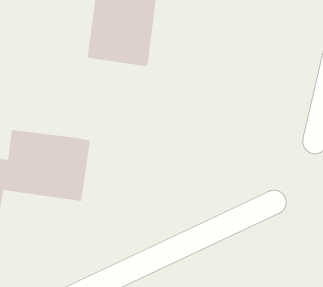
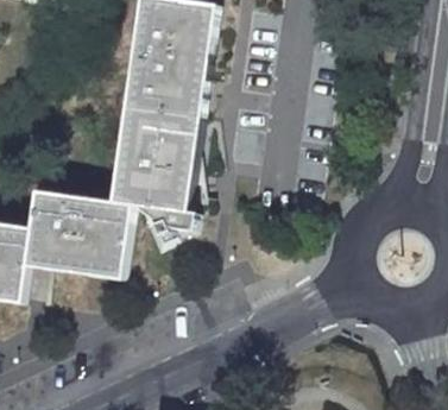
building: none -> [113,105,198,239]

